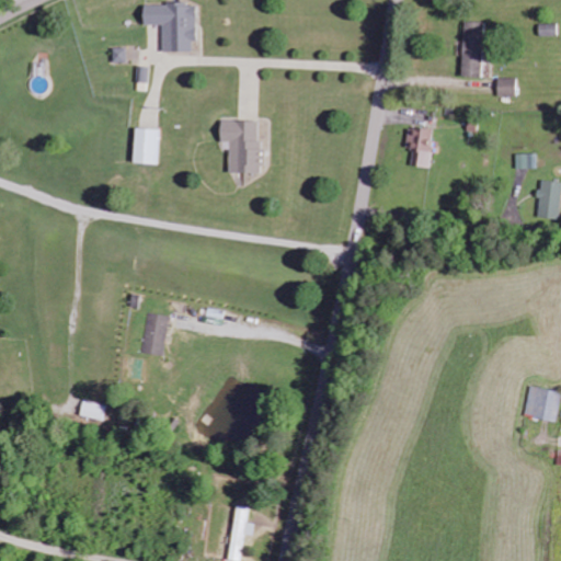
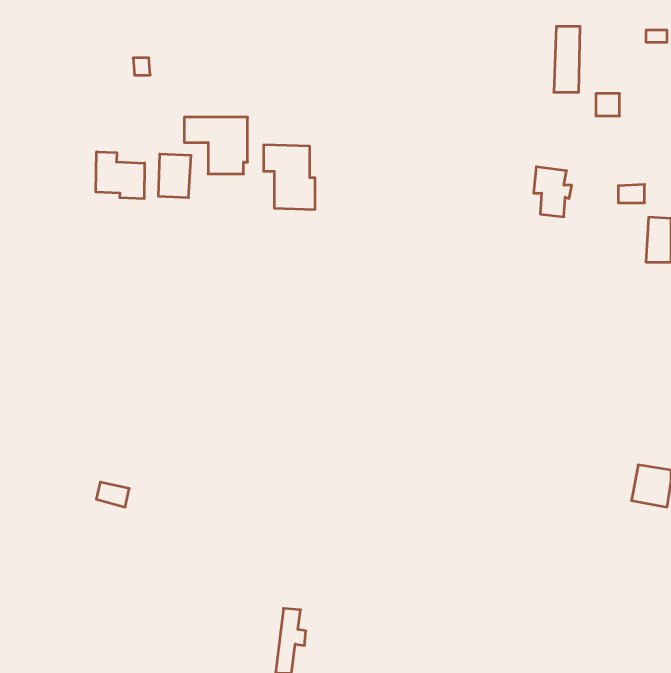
building: [141,4,194,51] -> [184,117,248,174]
building: none -> [96,152,145,199]
building: [404,127,436,169] -> [534,167,572,217]
building: [144,314,168,356] -> none

